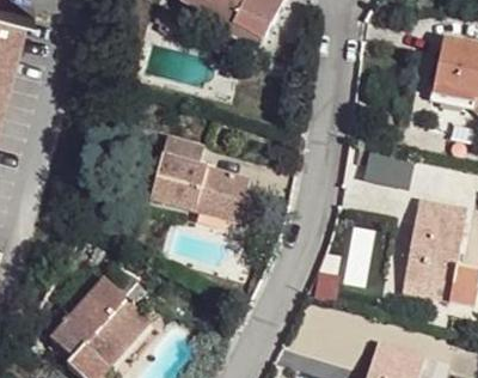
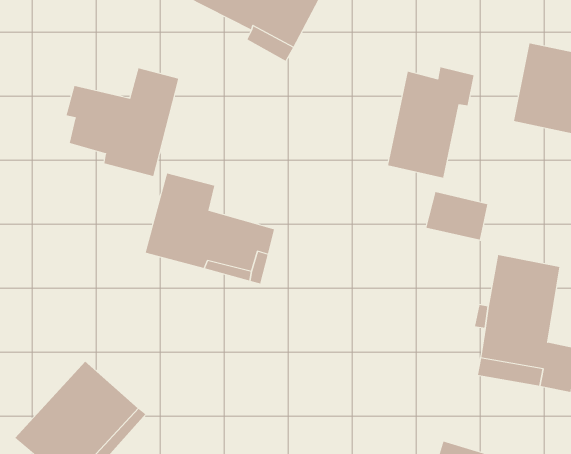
building: none -> [387,67,474,179]
building: none -> [66,67,179,177]

